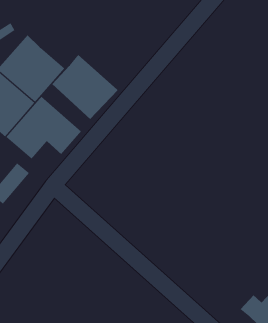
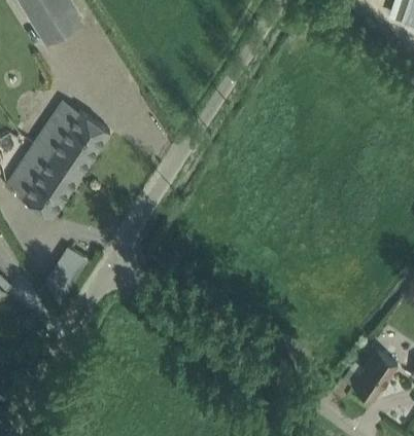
building: [51,54,118,120] -> none
building: [6,96,82,160] -> none

